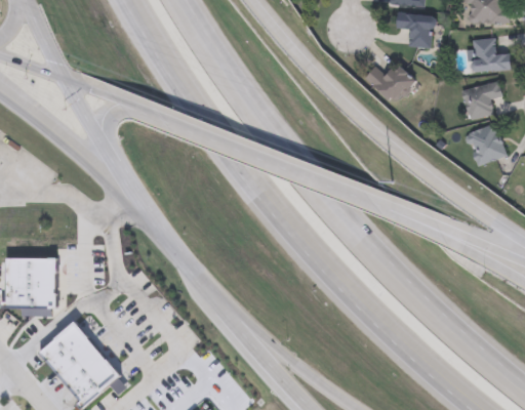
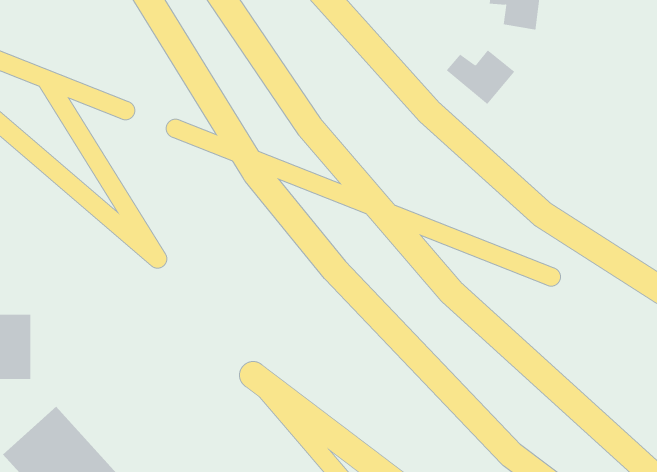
building: [472,38,510,70] -> none
building: [461,80,502,119] -> none
building: [465,122,506,165] -> none

